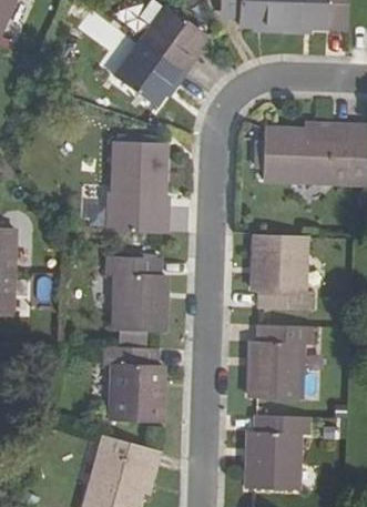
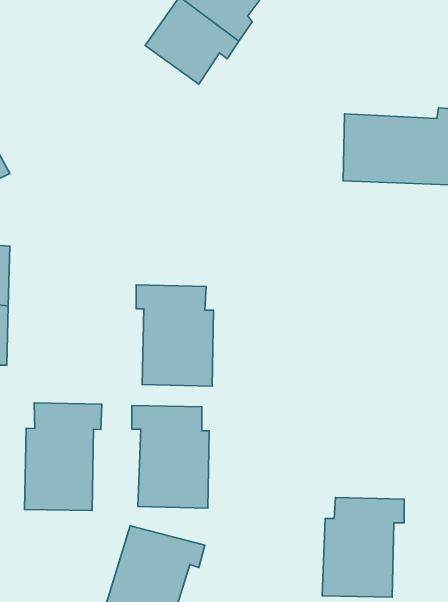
building: [109,141,169,233] -> none
building: [255,220,314,311] -> none
building: [251,325,312,399] -> none
building: none -> [25,403,102,511]

